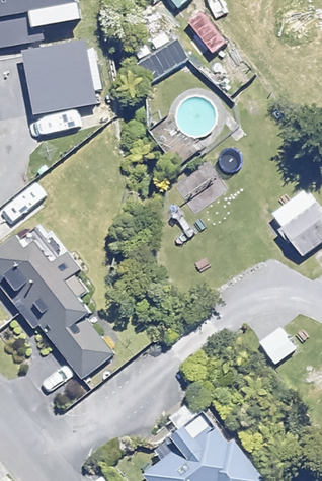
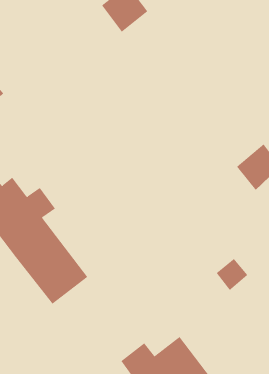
building: [37,53,93,111] -> none

